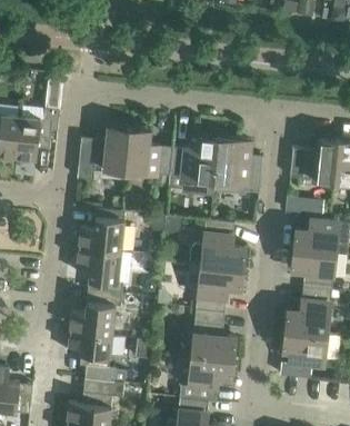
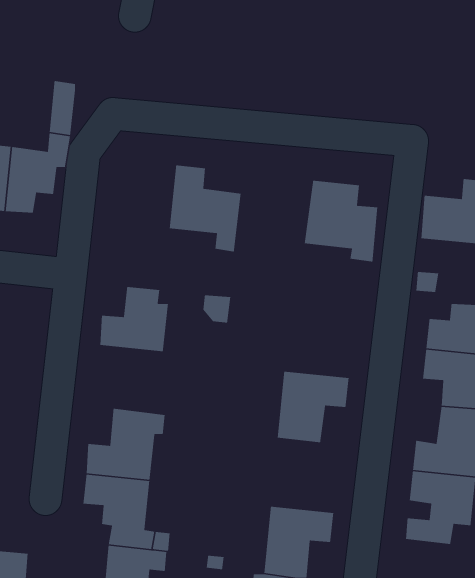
building: [77,127,129,180] -> none
building: [168,137,219,197] -> none
building: [189,220,246,269] -> none
building: [77,248,133,294] -> none
building: [191,309,236,358] -> none

